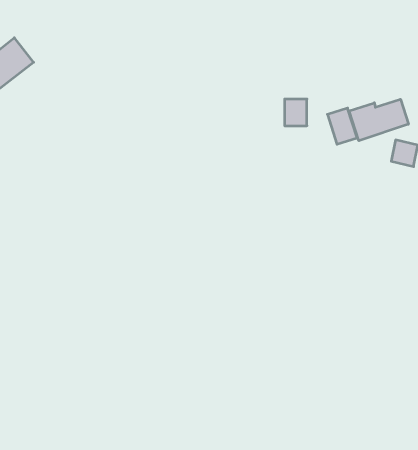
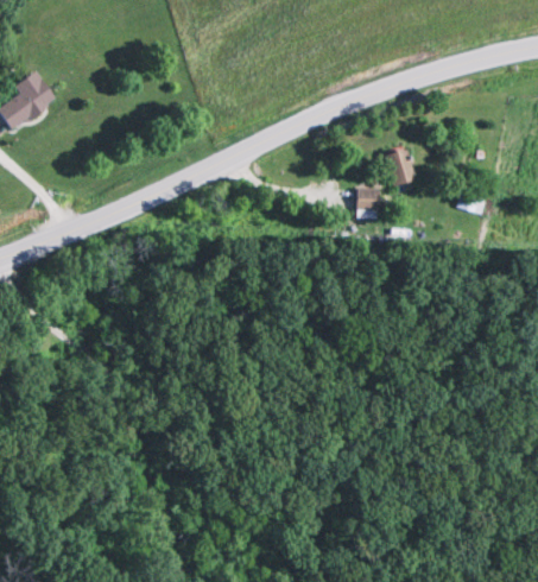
building: [285,99,307,126] -> [354,188,379,217]
building: [349,99,408,141] -> none

